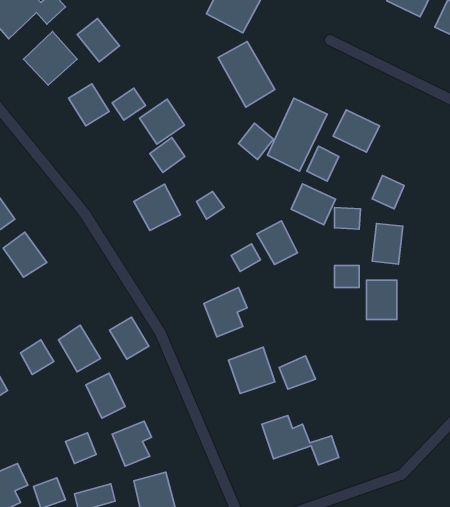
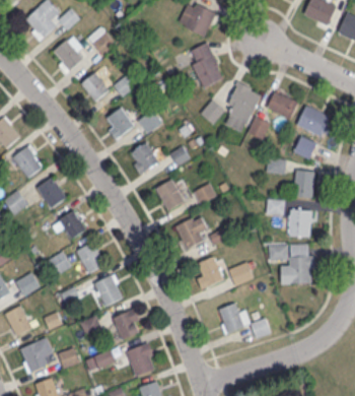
building: [139,99,185,144] -> [102,108,134,139]
building: none -> [296,106,330,137]
building: [291,184,335,225] -> none
building: [257,221,298,264] -> [155,180,184,210]
building: [110,317,149,359] -> [58,209,85,239]
building: none -> [269,245,311,283]

